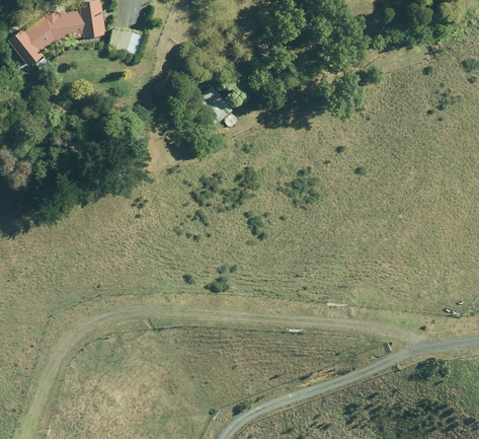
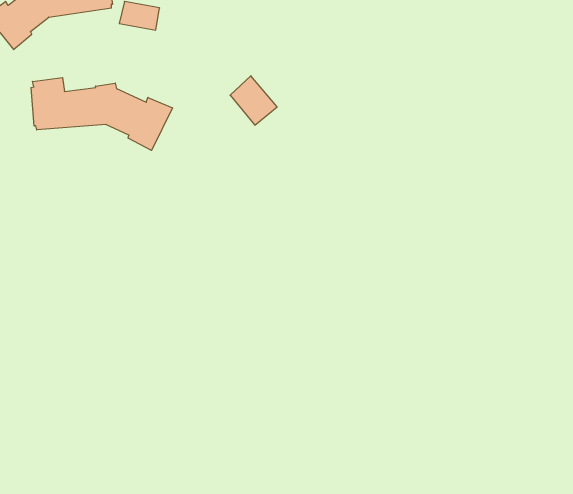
building: none -> [31,78,172,150]

